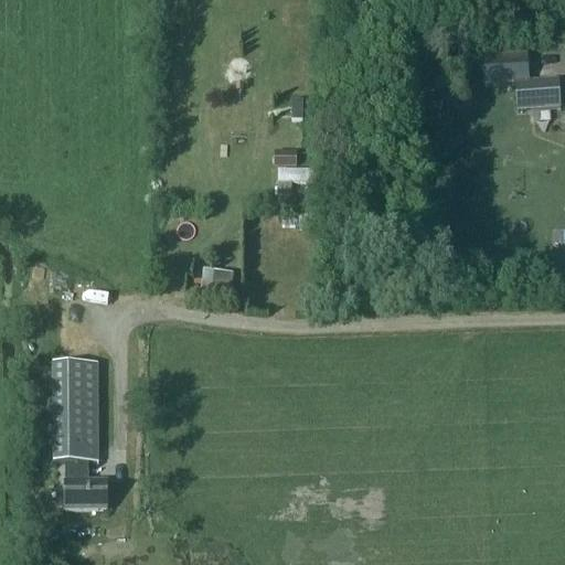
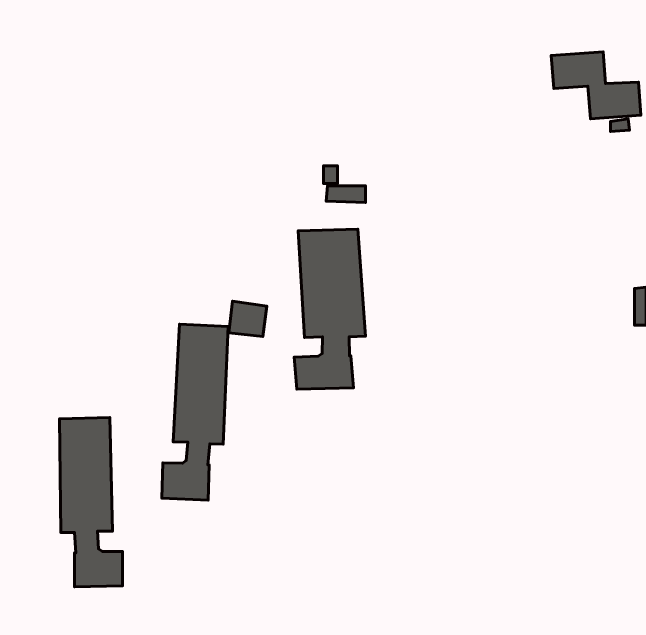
building: none -> [294,229,366,389]
building: none -> [162,324,228,500]

